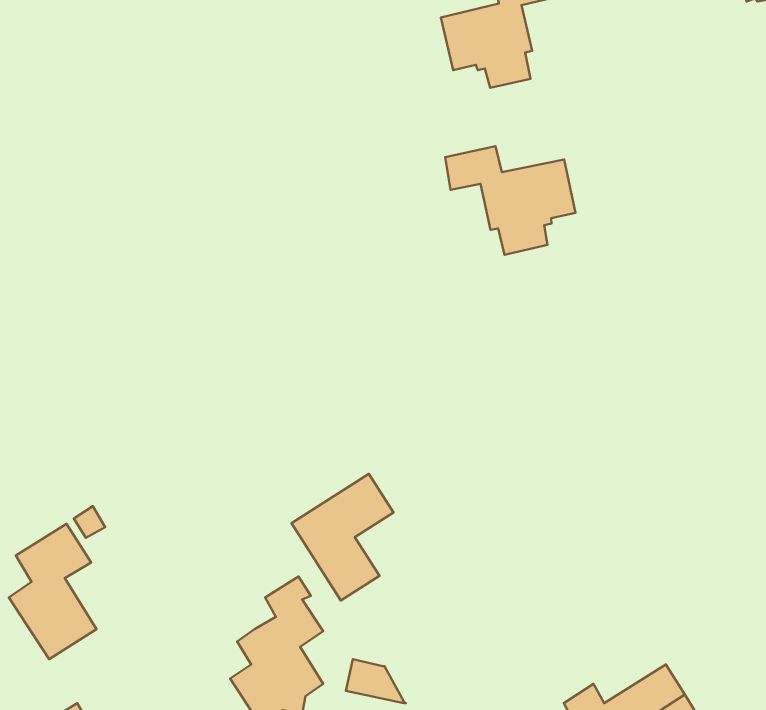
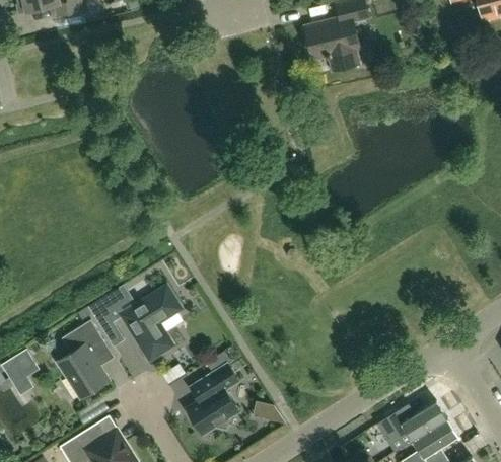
building: [445,146,575,255] -> none
building: [292,474,393,600] -> [122,287,181,360]

